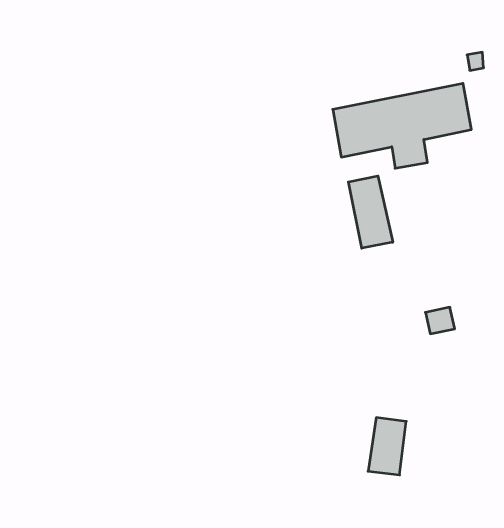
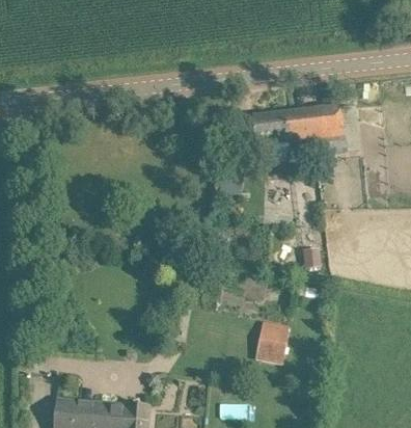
building: [348,176,393,248] -> none

